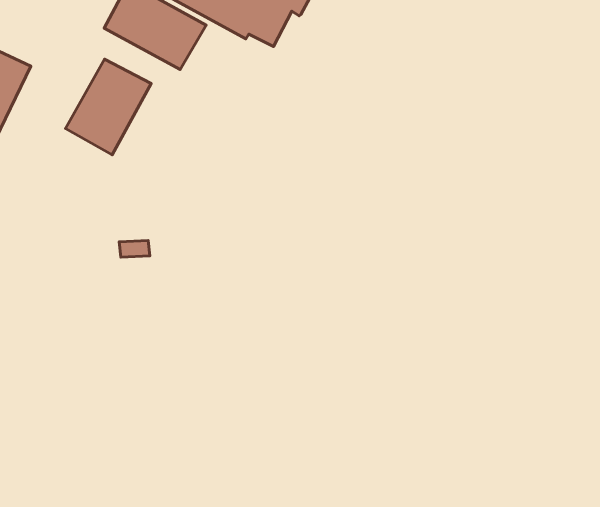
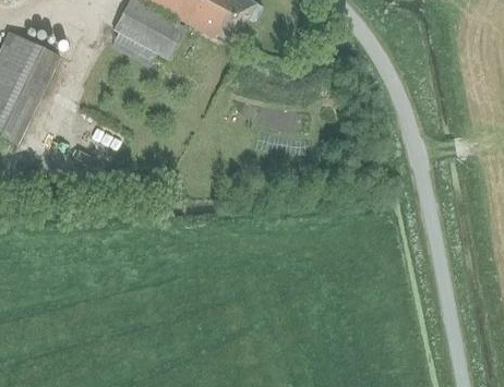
building: [66,59,151,155] -> none

